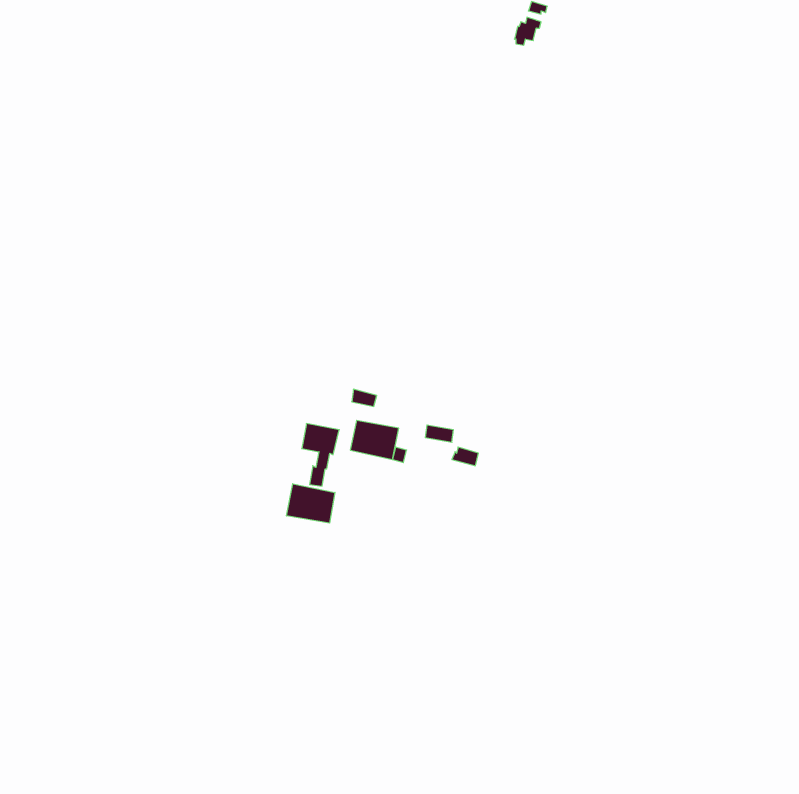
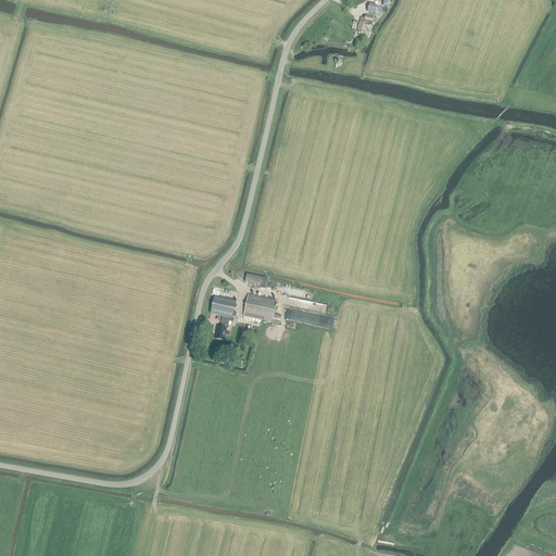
building: [287,484,335,523] -> none

